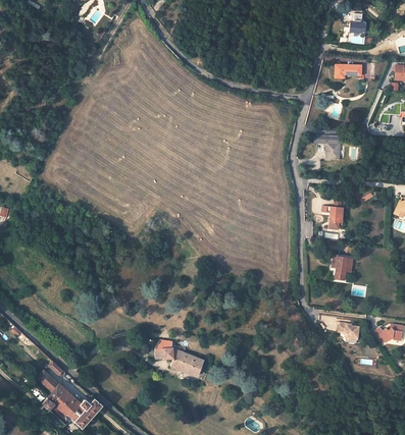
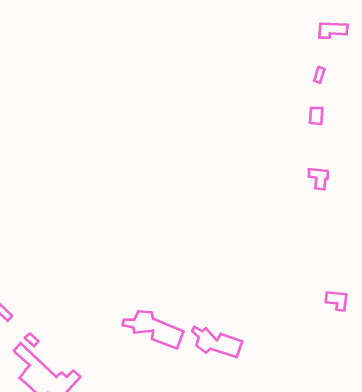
building: [332,255,355,281] -> none
building: none -> [192,327,242,357]

